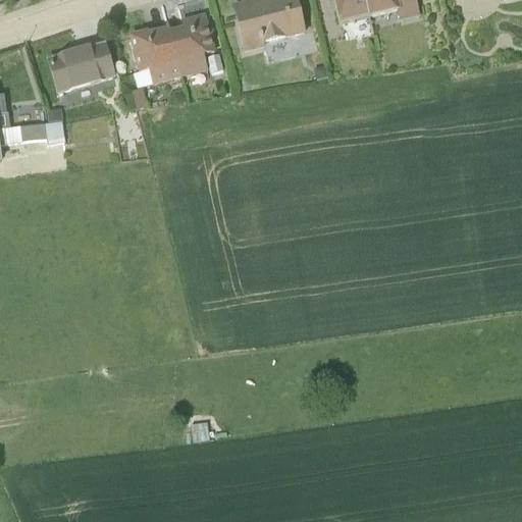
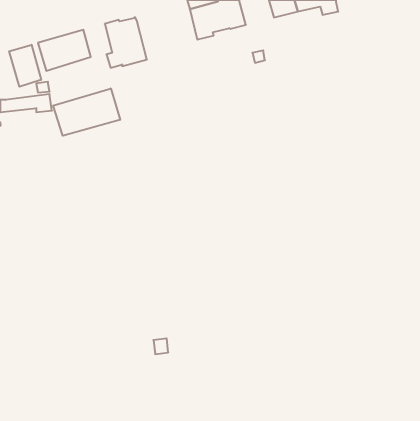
building: [171,8,217,74] -> none
building: none -> [9,45,41,87]
building: none -> [53,88,120,136]

